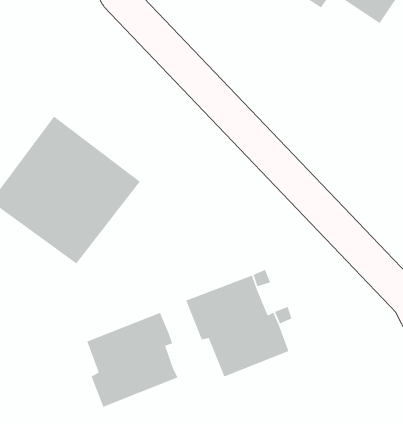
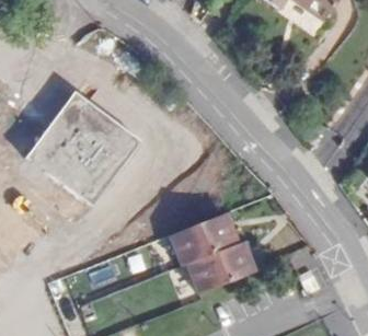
building: [86,312,179,408] -> none

